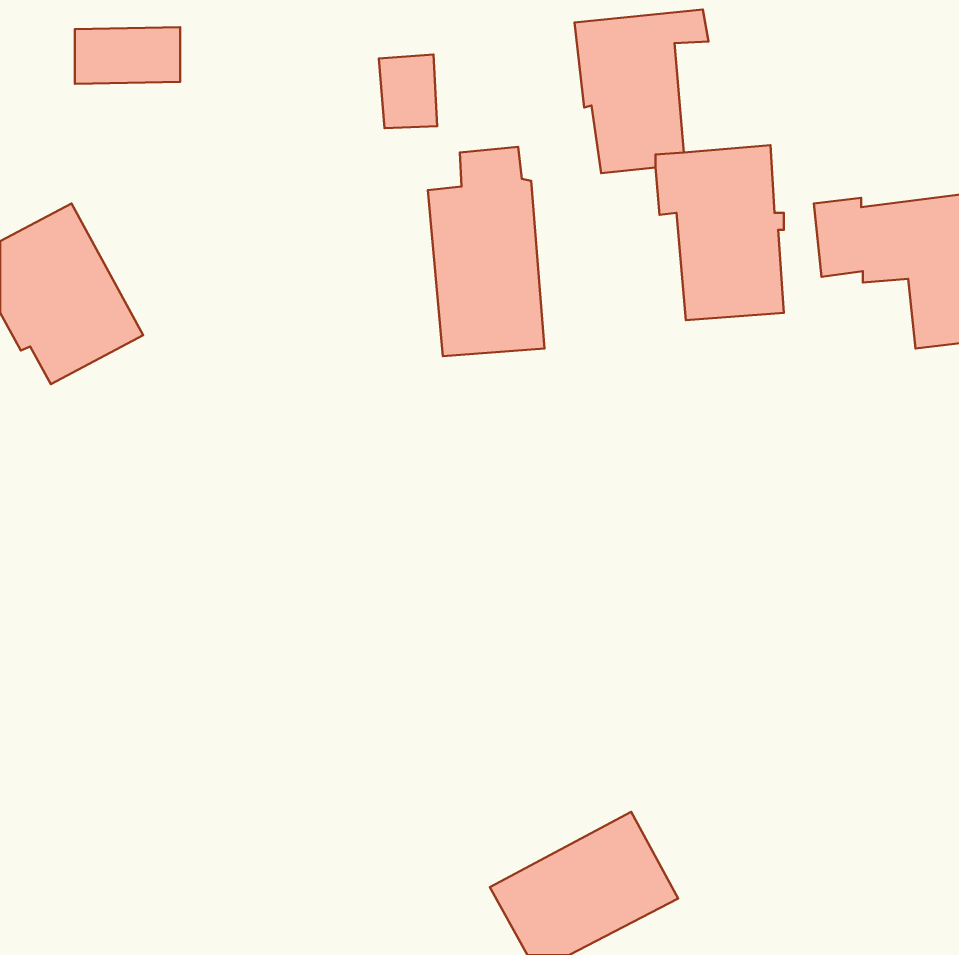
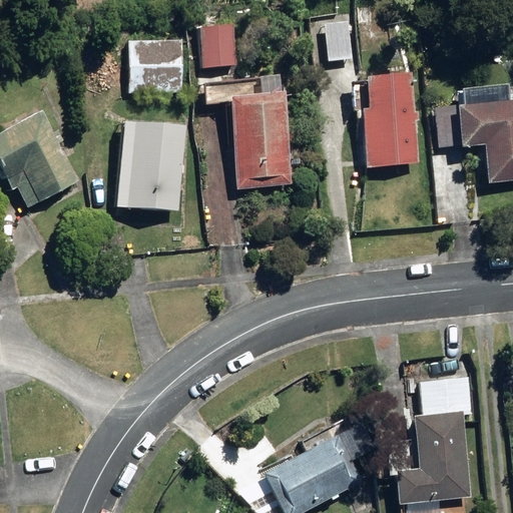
building: [75,27,180,84] -> [127,61,183,91]
building: none -> [117,119,185,208]
building: none -> [394,375,474,502]

